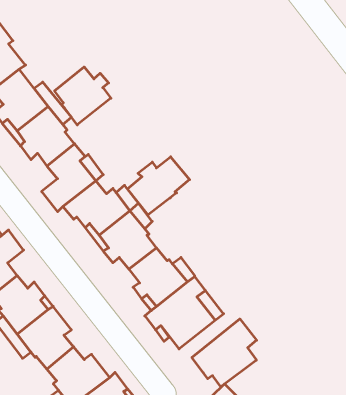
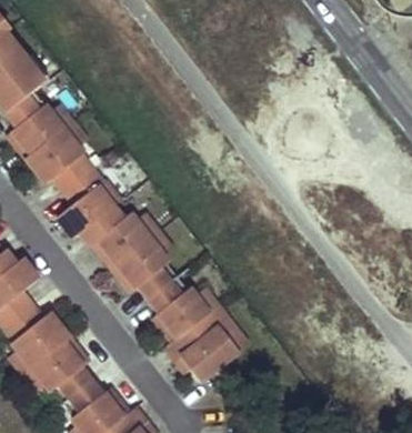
building: [55,67,111,125] -> none
building: [127,157,190,215] -> none
building: [192,319,257,387] -> none

